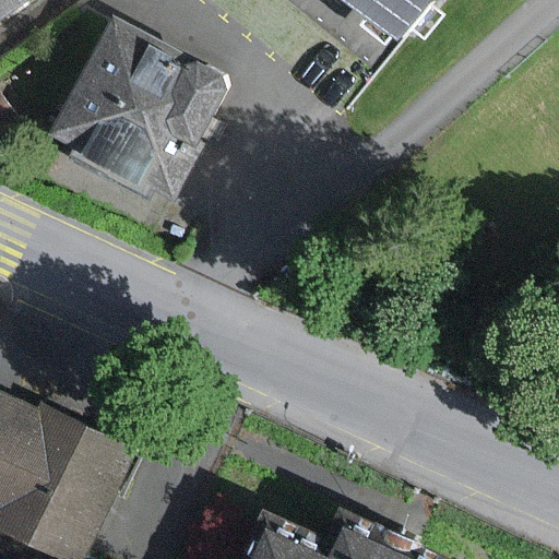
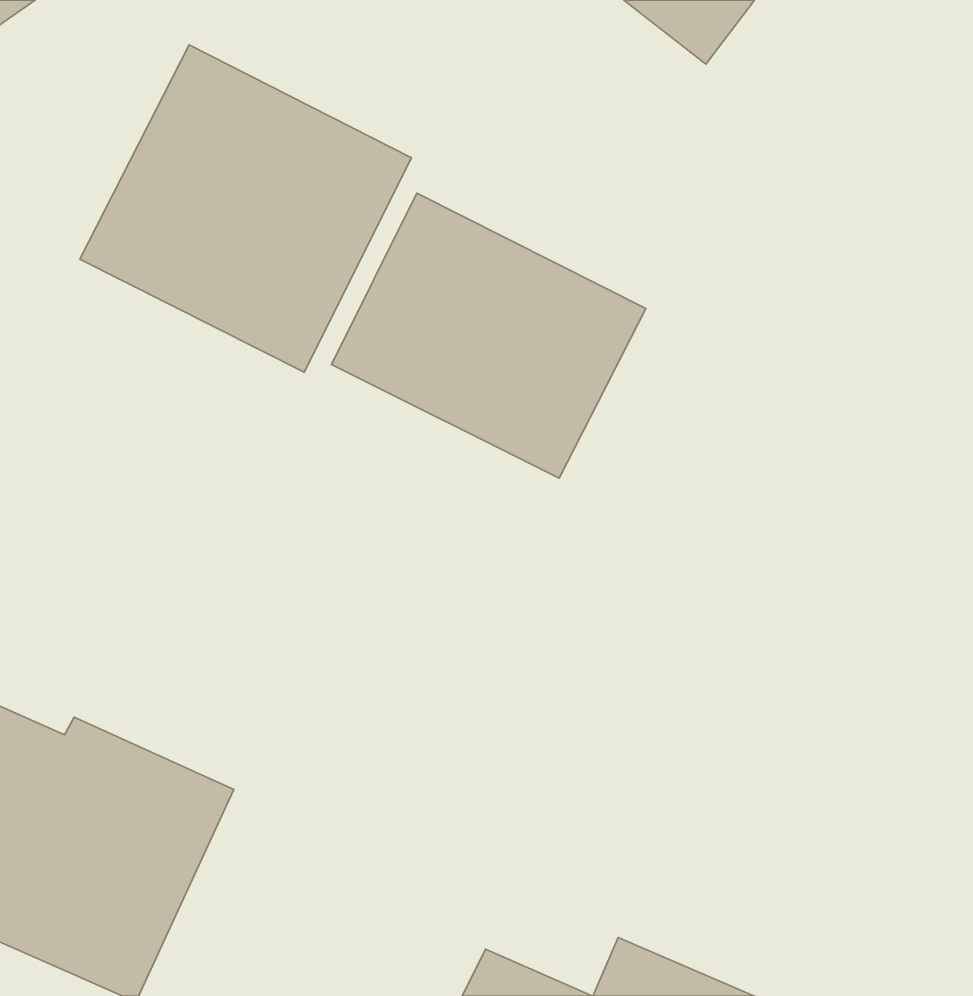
building: none -> [332,193,646,478]

